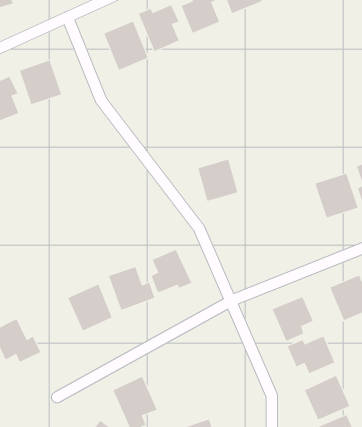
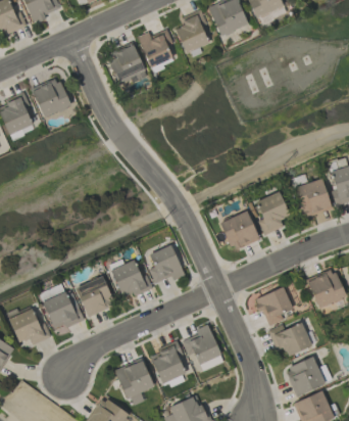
building: [198,159,238,202] -> [221,213,257,250]
building: none -> [255,192,289,235]
building: none -> [43,290,83,330]
building: none -> [182,325,223,372]
building: none -> [150,340,186,384]

